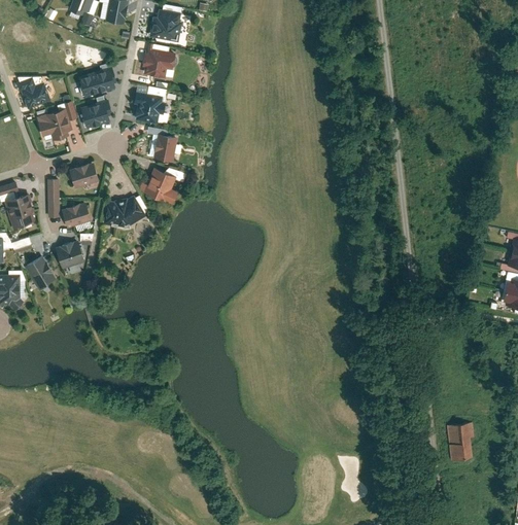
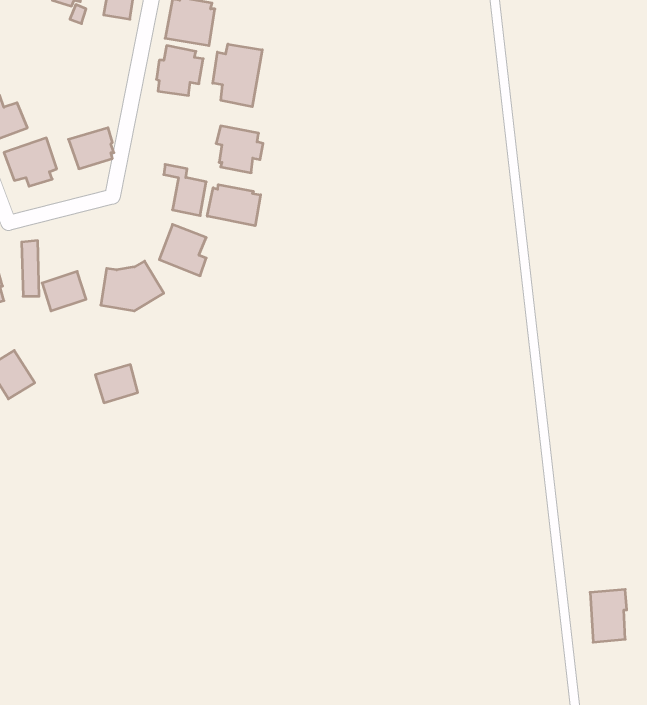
building: none -> [213,44,262,107]
building: [79,68,116,97] -> none
building: [133,91,166,124] -> [216,126,263,173]
building: none -> [207,185,261,226]
building: [69,162,100,189] -> none
building: [56,241,85,268] -> [95,365,138,403]

